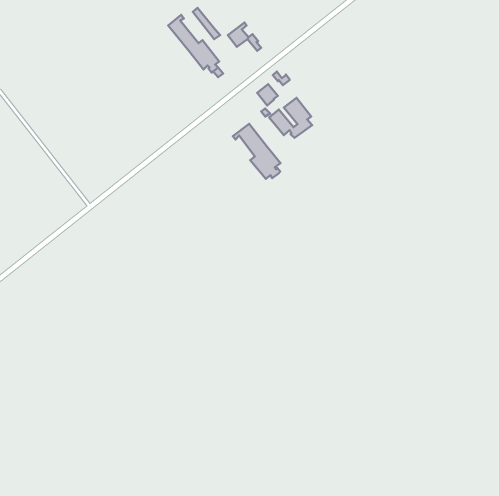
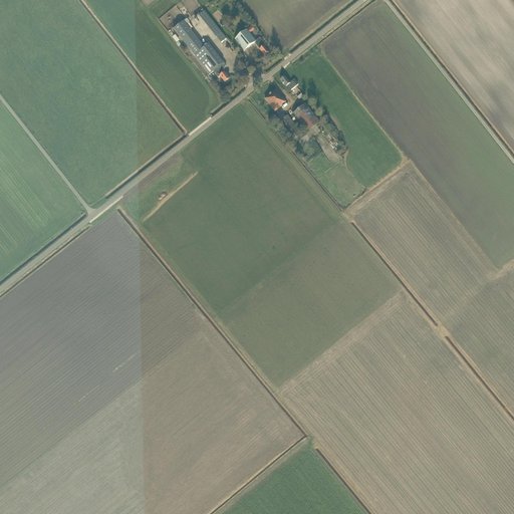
building: [233,124,280,179] -> none

